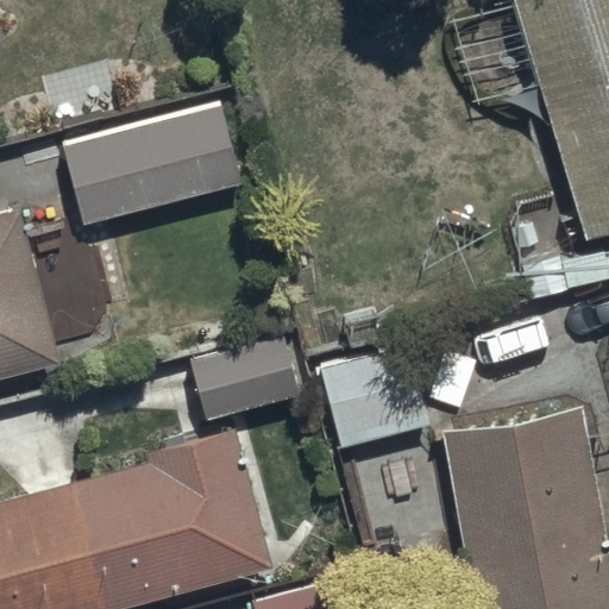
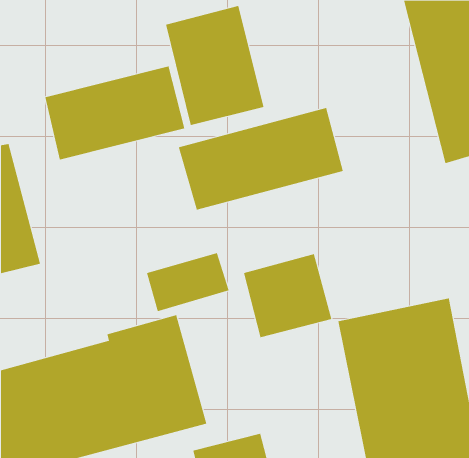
building: none -> [165,5,264,126]
building: none -> [178,107,344,210]

